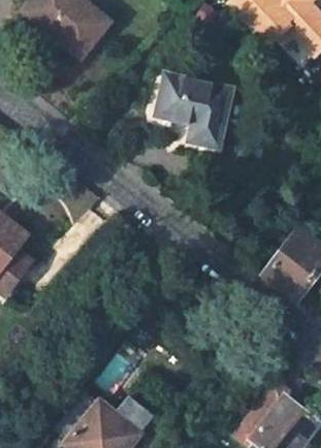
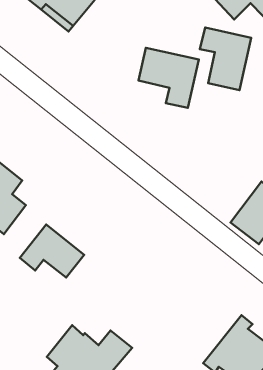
building: none -> [200,28,251,90]
building: none -> [20,225,84,277]

